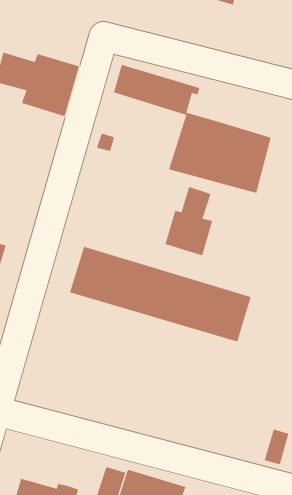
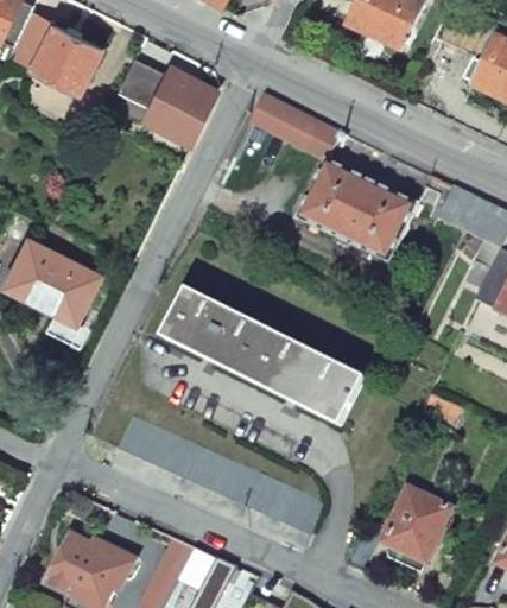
building: [165,186,213,256] -> none
building: none -> [118,414,324,533]

